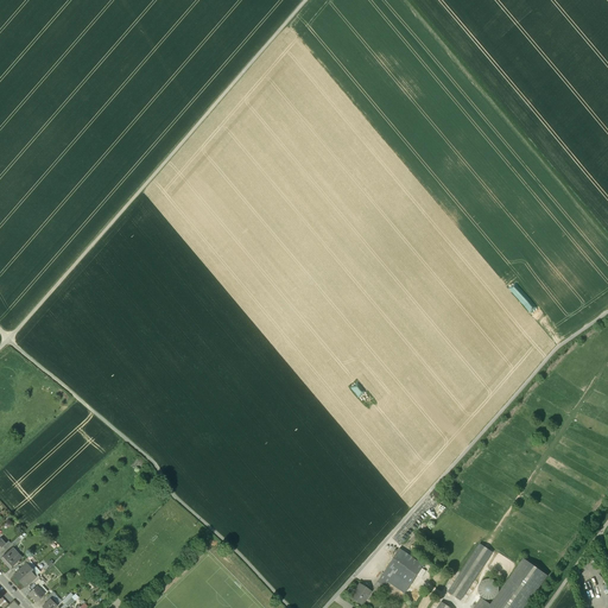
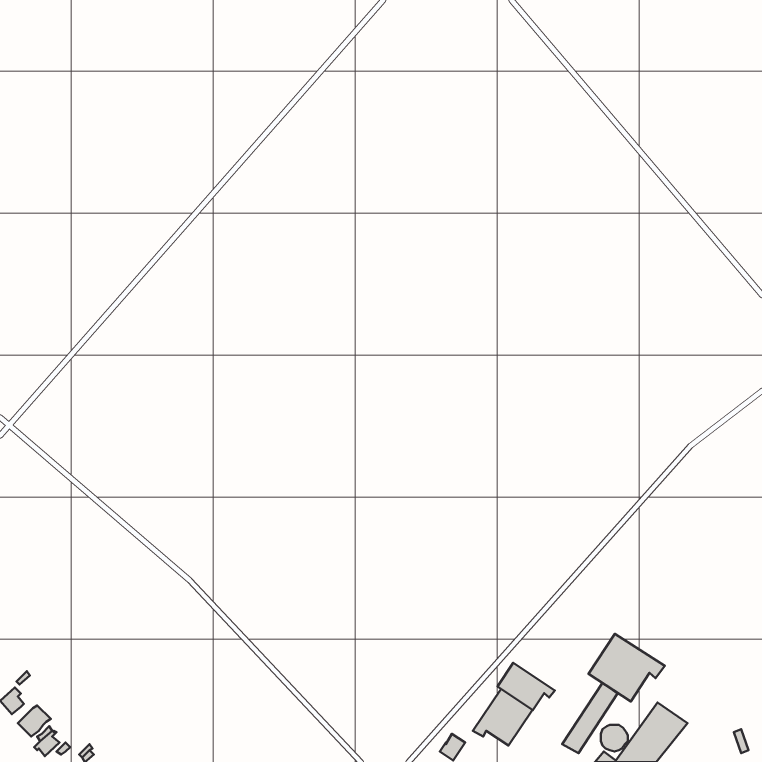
building: none -> [589,634,665,702]
building: none -> [497,663,555,710]

